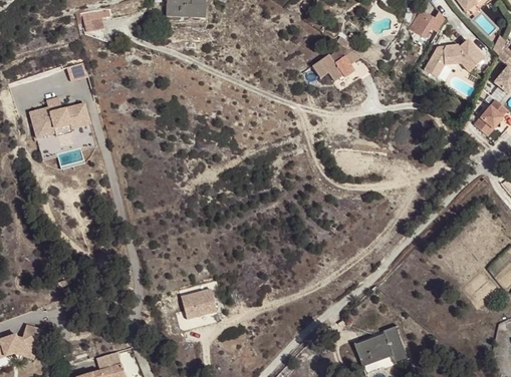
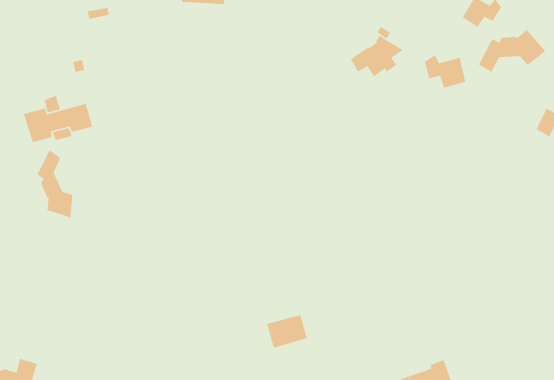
building: none -> [424,54,466,89]
building: none -> [37,149,73,219]
building: [180,289,216,319] -> [266,314,308,349]

